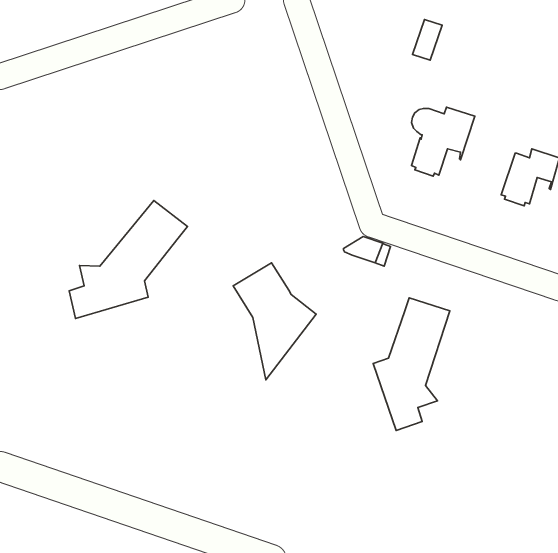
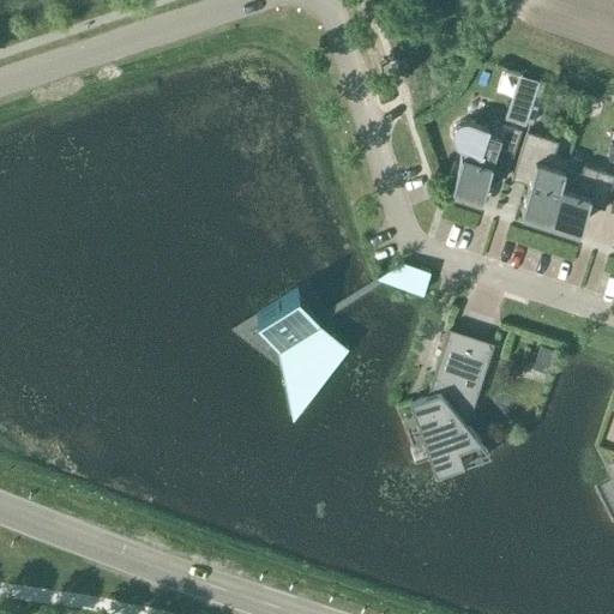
building: [413,20,442,60] -> [508,80,541,125]
building: none -> [512,137,570,223]
building: [69,200,188,318] -> none

